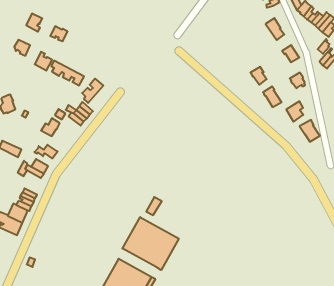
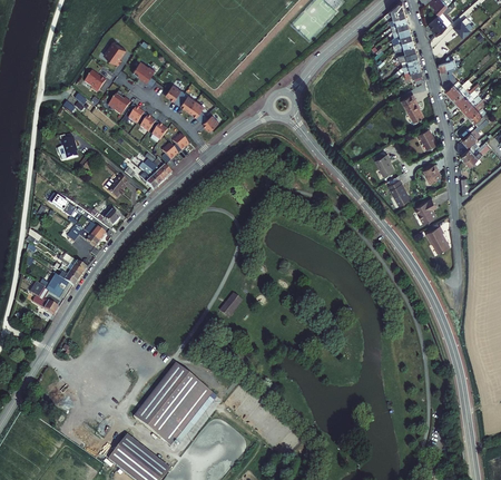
building: none -> [165,85,218,131]
building: [122,217,179,270] -> none

